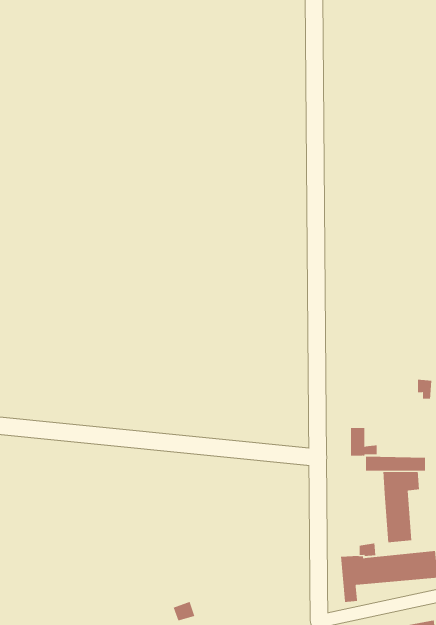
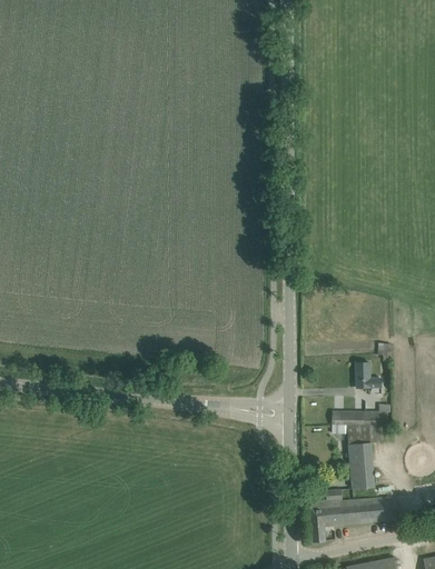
building: [350,428,378,456] -> [356,362,380,388]

